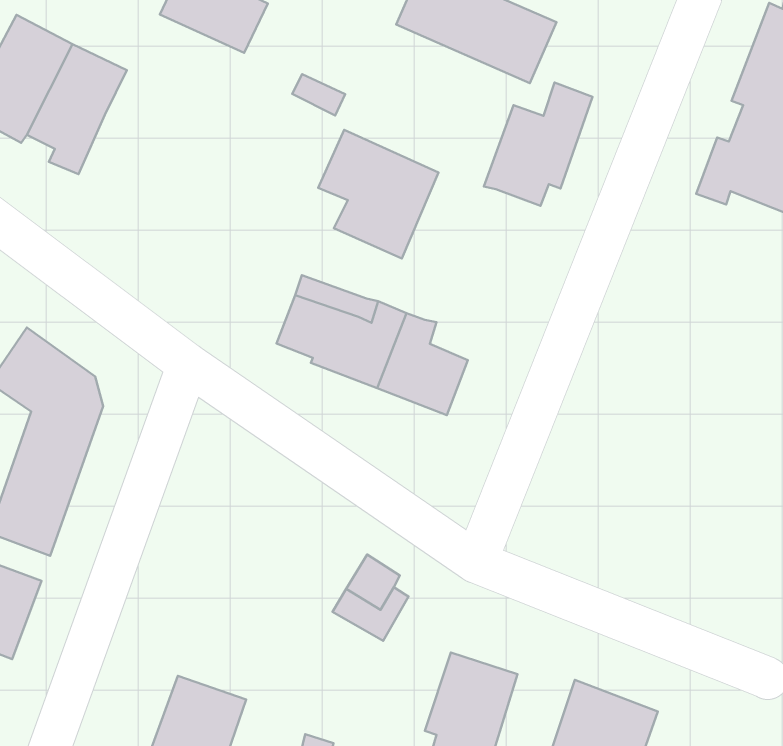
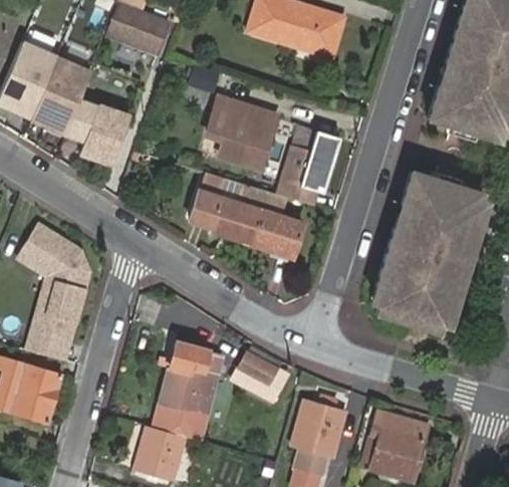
building: [484,82,593,206] -> [276,140,336,213]
building: none -> [65,96,130,168]
building: none -> [377,175,483,335]
building: none -> [155,340,218,434]

